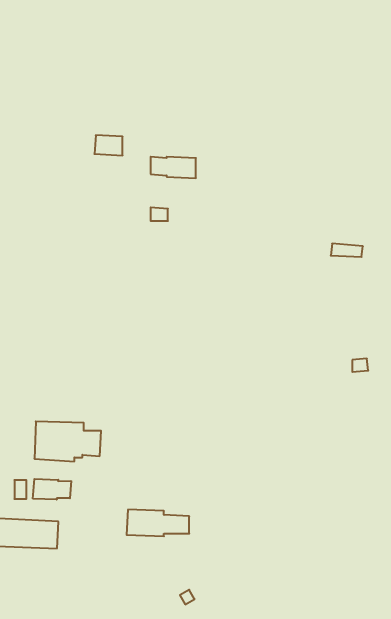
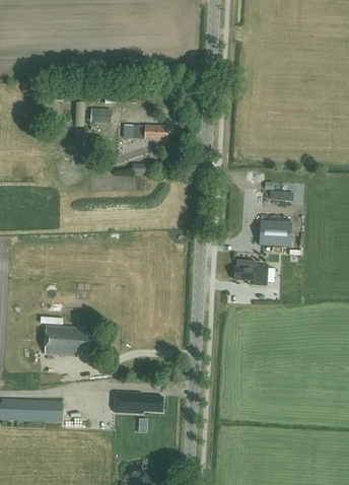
building: none -> [259,216,290,243]
building: none -> [232,260,267,285]
building: [33,479,71,500] -> none

